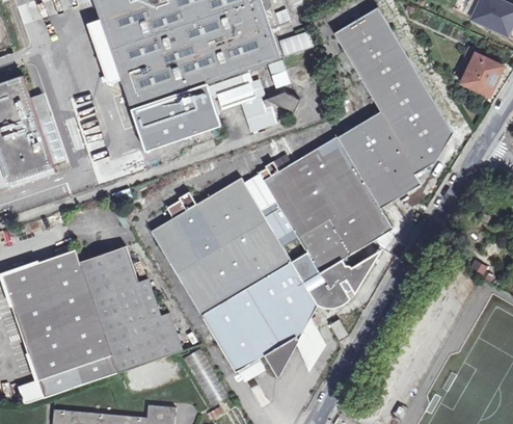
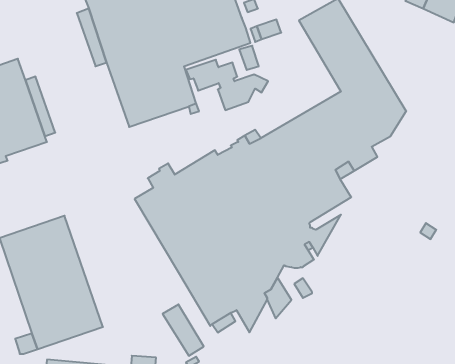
building: [460,53,503,96] -> none
building: [73,245,183,373] -> none

